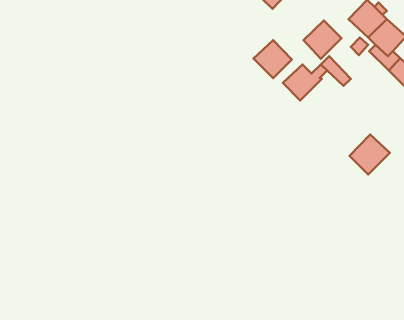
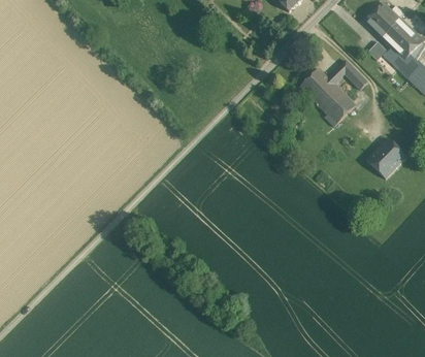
building: [303,21,341,59] -> none
building: [254,40,292,78] -> none
building: none -> [316,85,354,126]

